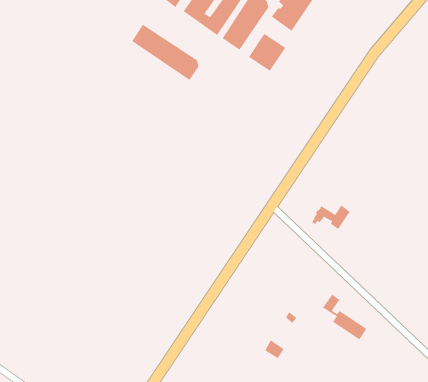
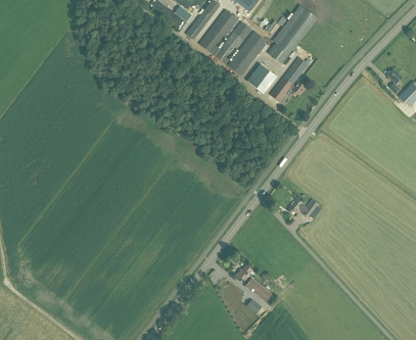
building: none -> [270,56,308,101]
building: [132,24,199,81] -> none
building: [322,294,367,340] -> [238,264,272,301]

